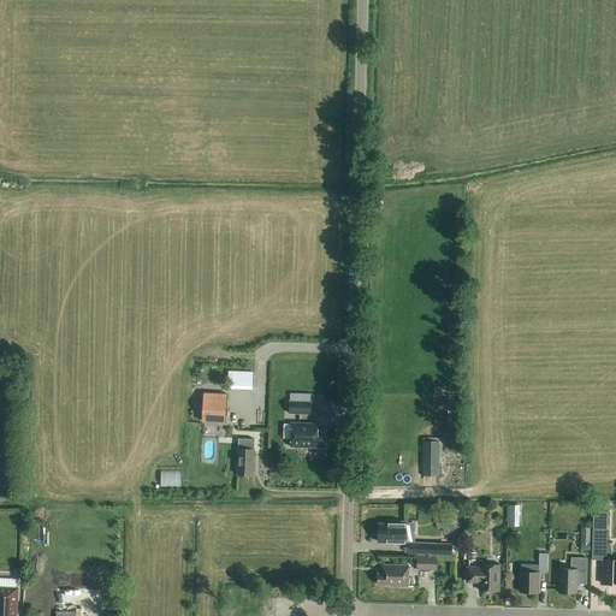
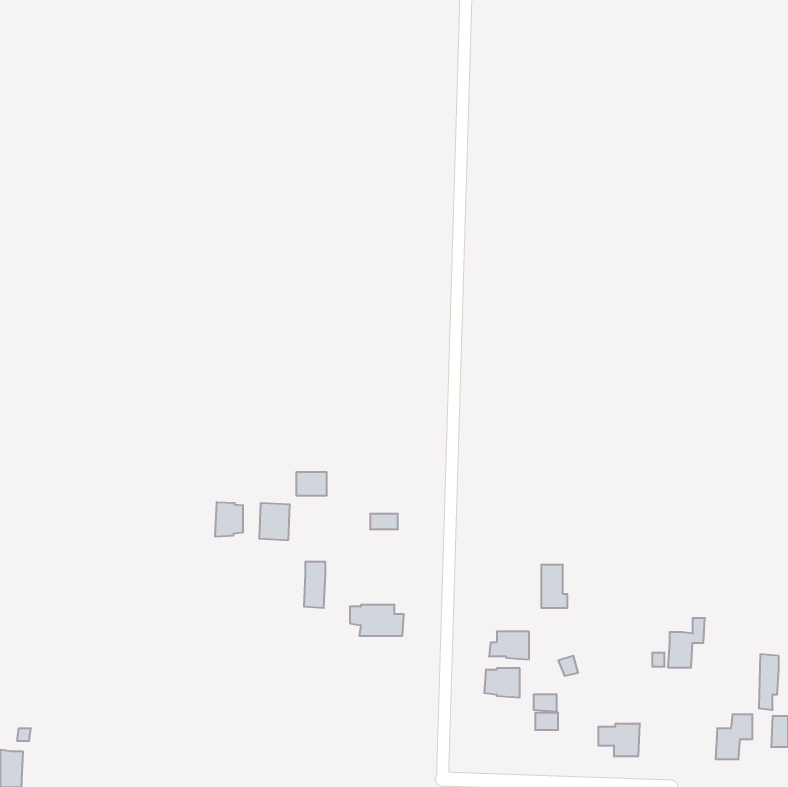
building: none -> [215,502,243,537]
building: [283,422,325,446] -> [350,605,404,636]
building: [520,552,549,591] -> [668,618,705,668]
building: [377,564,408,586] -> [489,632,529,659]

